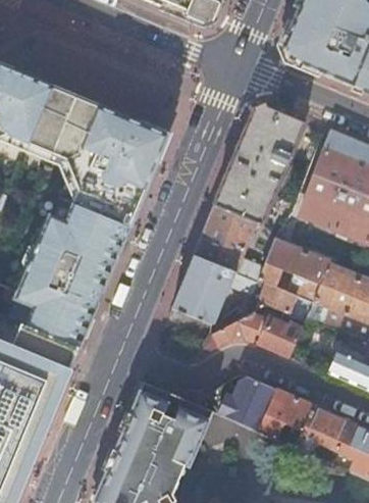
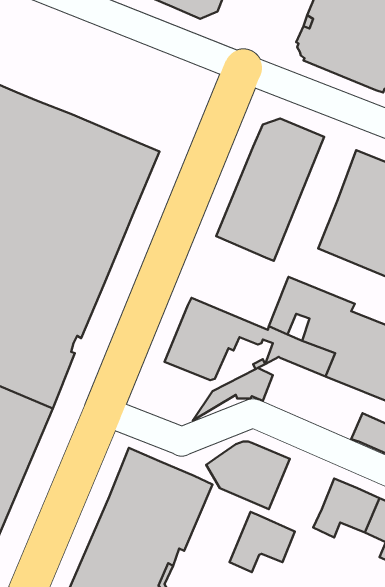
building: [195,204,264,282] -> none
building: [259,317,303,356] -> none
building: [259,389,313,439] -> [230,512,295,572]

